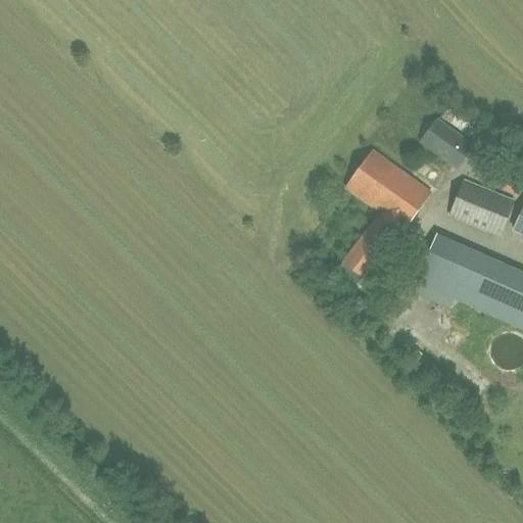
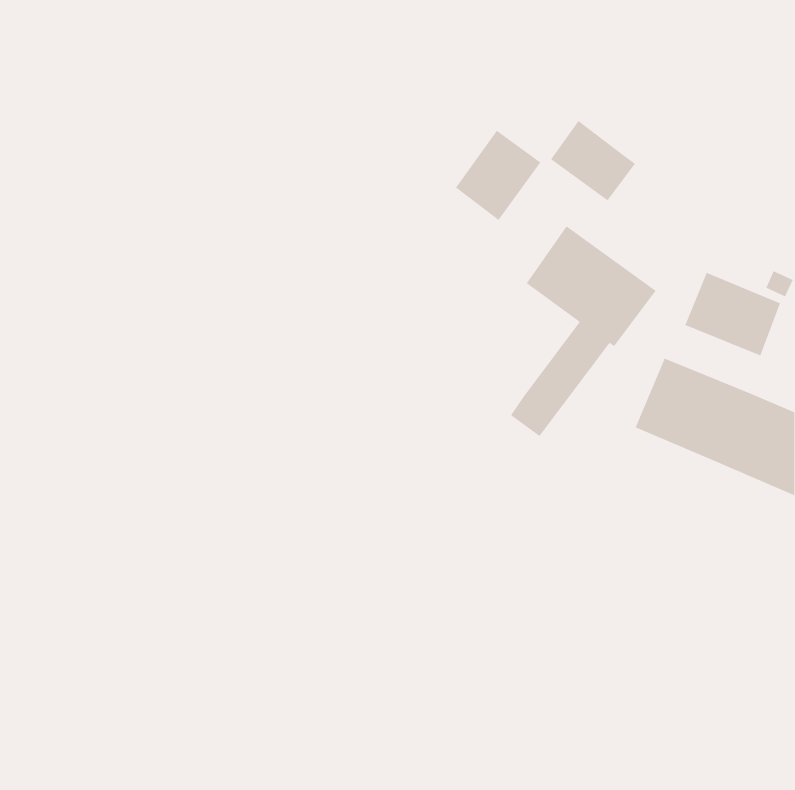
building: none -> [455,130,541,221]
building: [419,115,475,169] -> [550,120,636,201]

